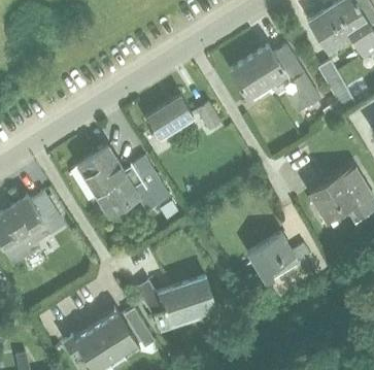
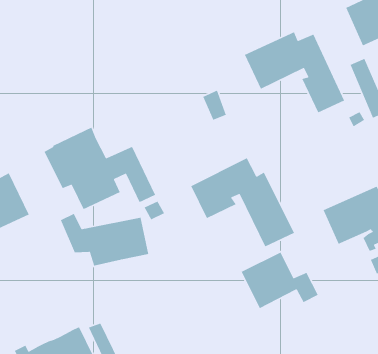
building: [144,94,192,137] -> none
building: none -> [190,157,295,248]
building: [136,276,214,323] -> [60,213,149,267]

